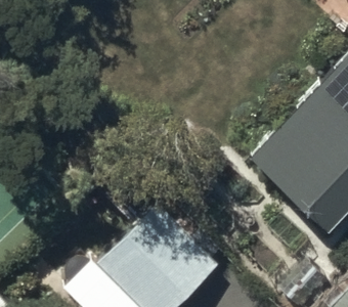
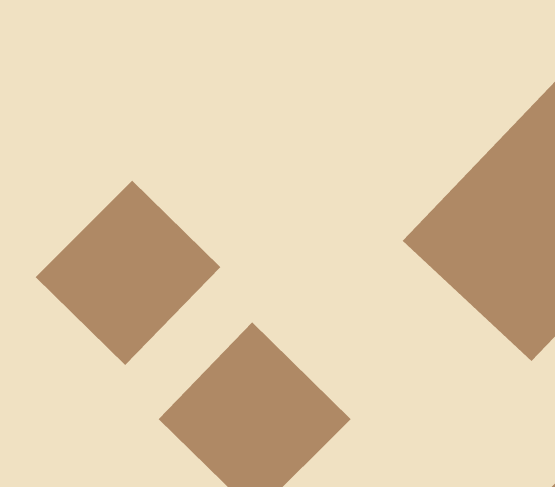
building: none -> [35,180,221,366]

